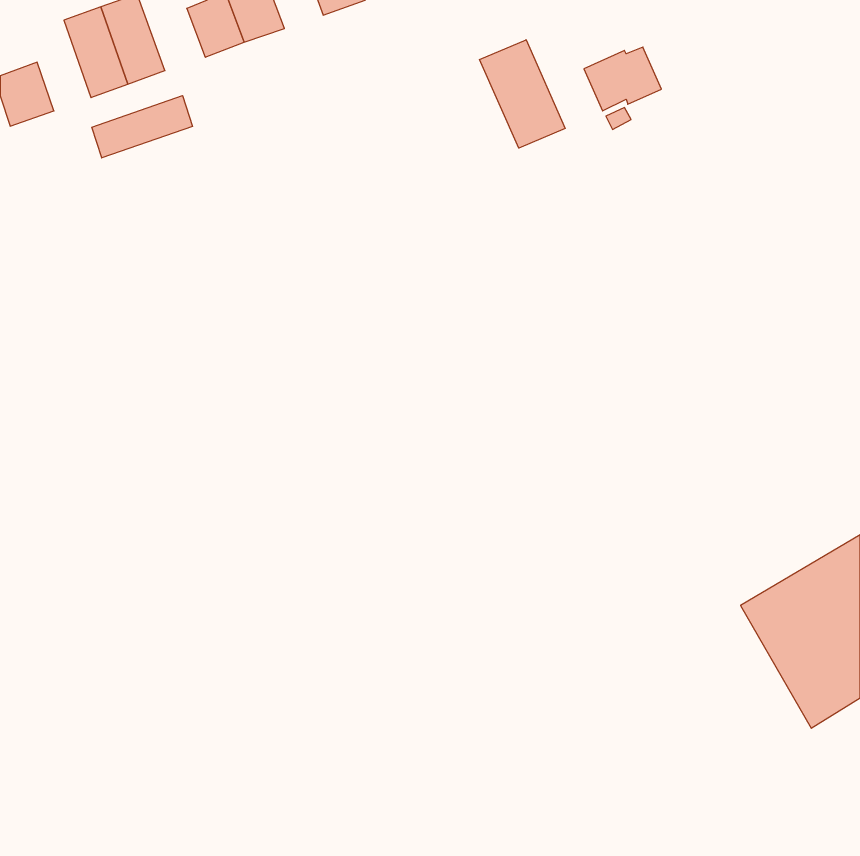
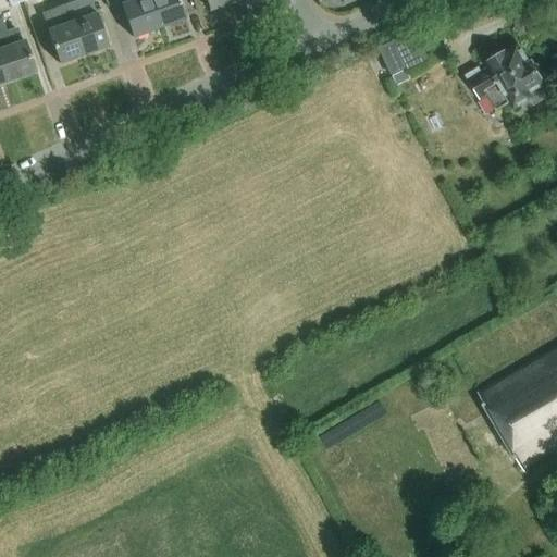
building: [480,40,565,148] -> none
building: none -> [468,44,549,109]
building: [92,96,193,158] -> none

